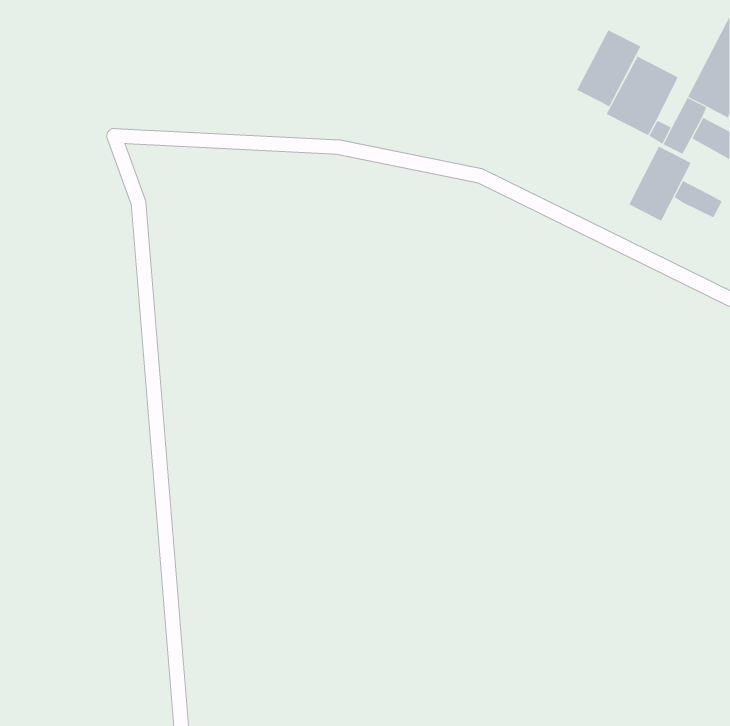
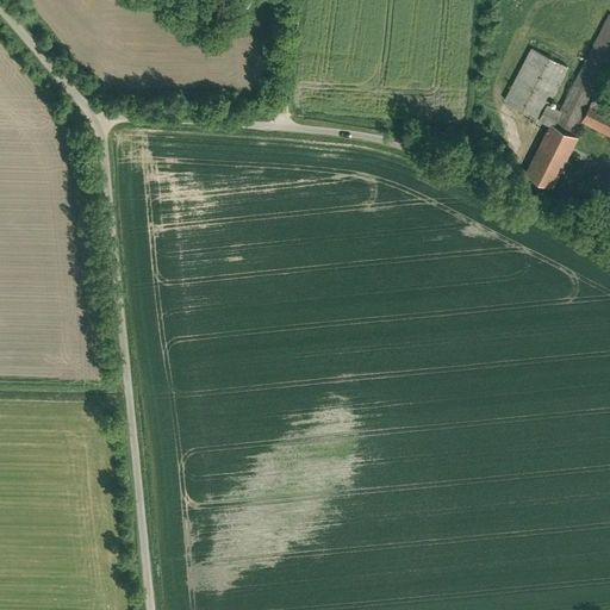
building: [577,29,641,107] -> none
building: [674,180,723,218] -> none

